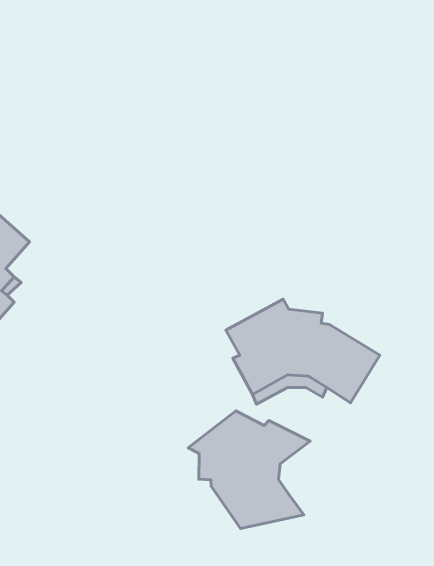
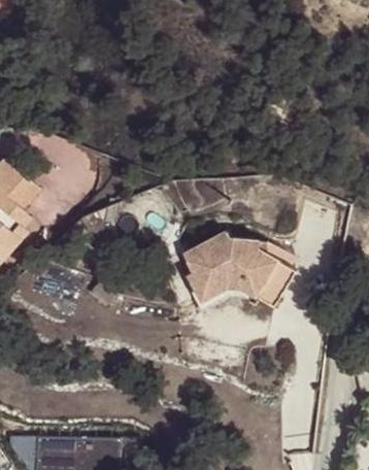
building: [188,411,310,529] -> none

